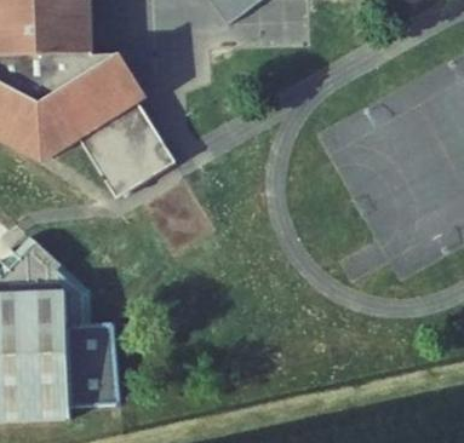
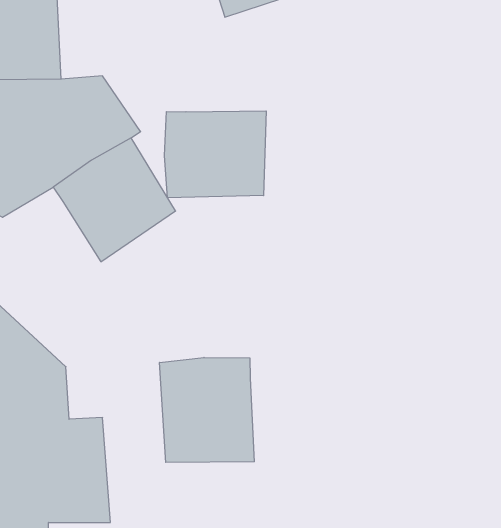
building: none -> [164,111,266,198]
building: none -> [160,357,254,462]

